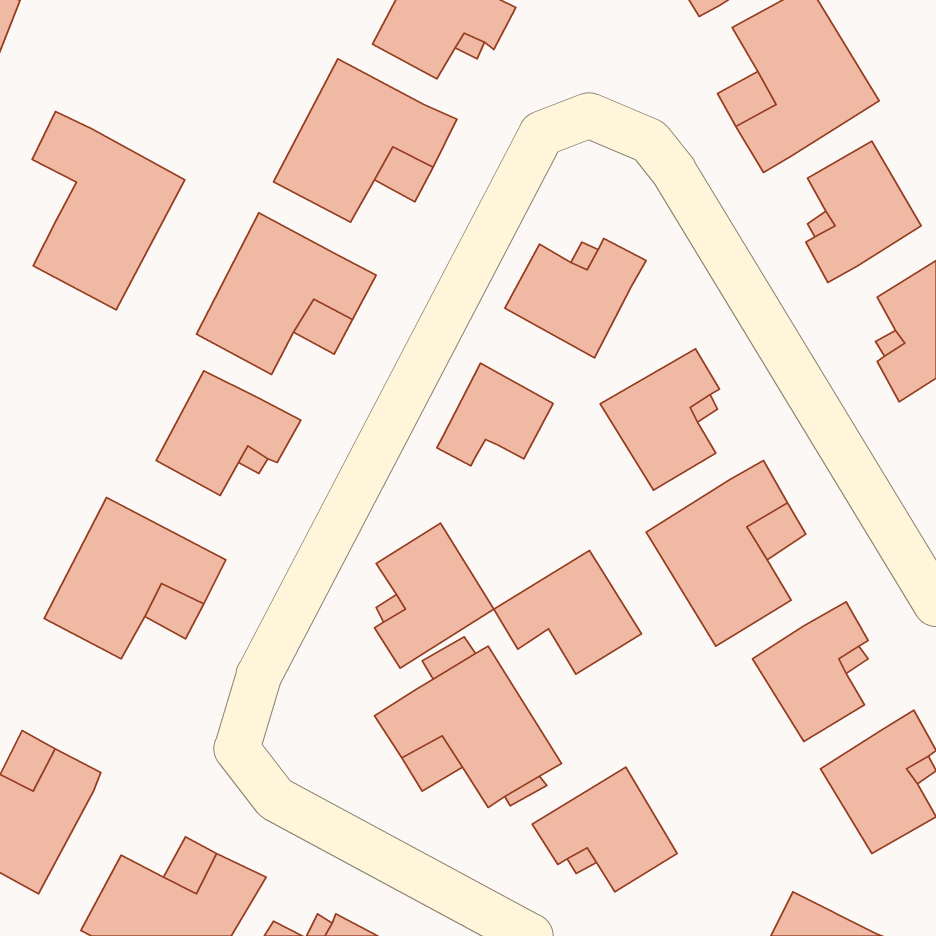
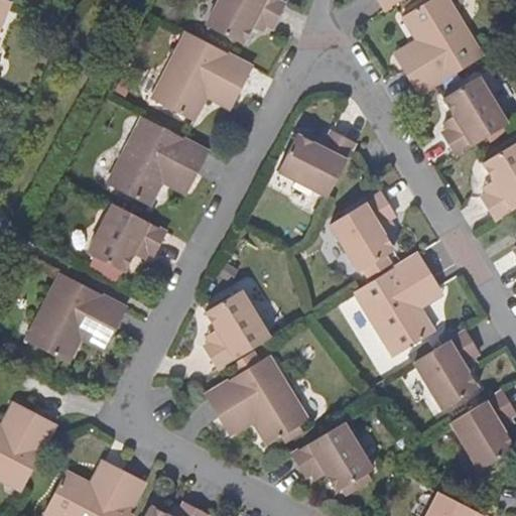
building: [32,112,185,310] -> none
building: [437,363,553,466] -> none
building: [494,551,641,674] -> none

